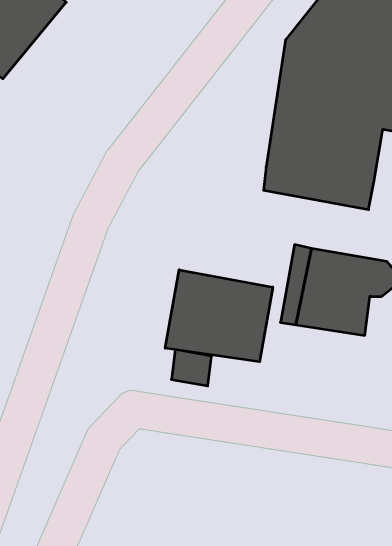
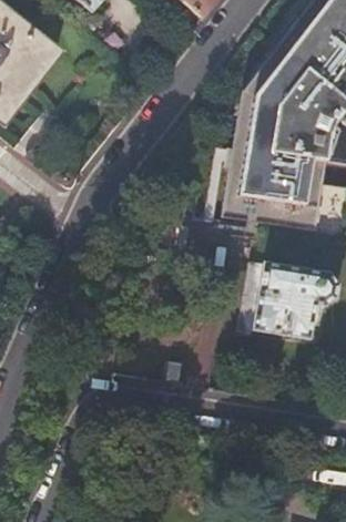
building: [165,270,273,362] -> none

